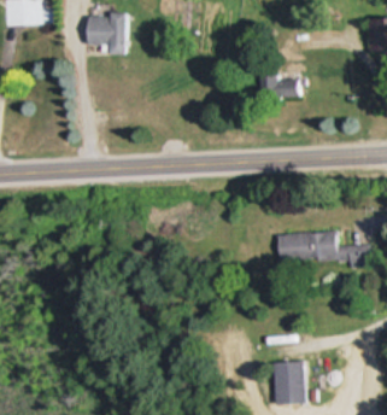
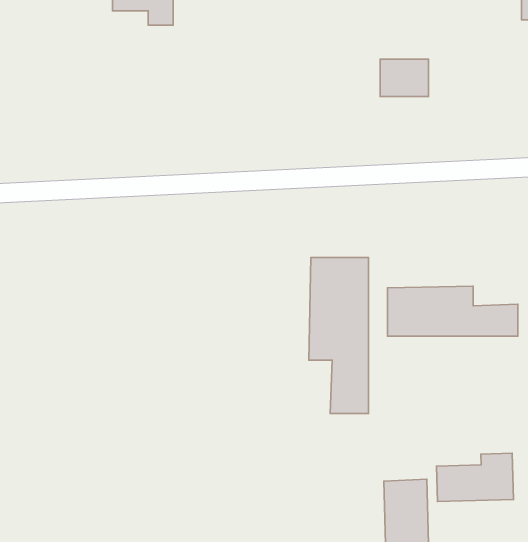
building: none -> [309,257,368,413]
building: none -> [437,453,514,502]

